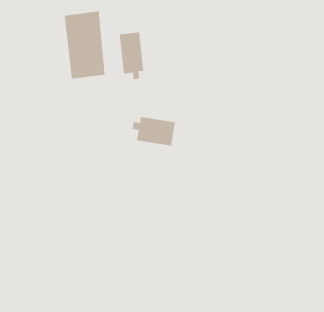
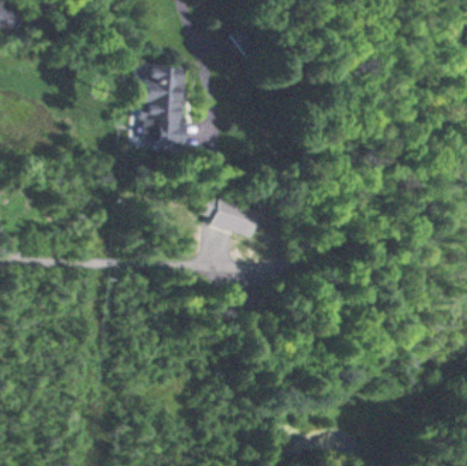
building: [119,32,144,80] -> none

